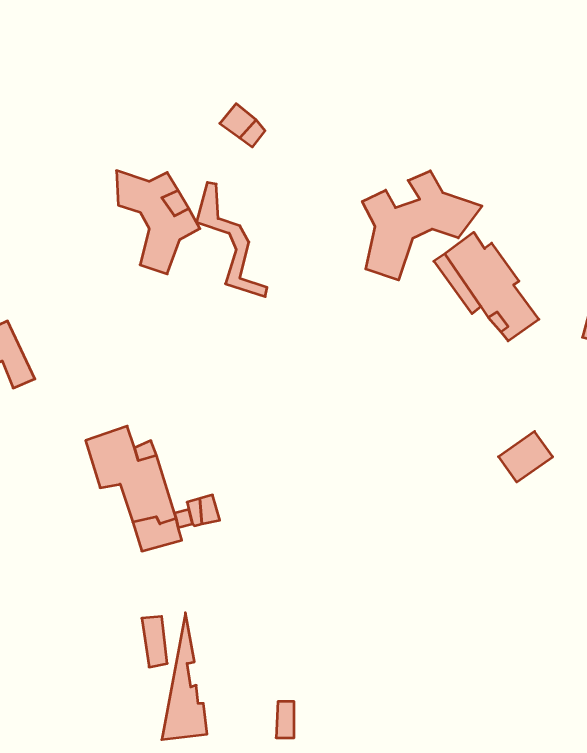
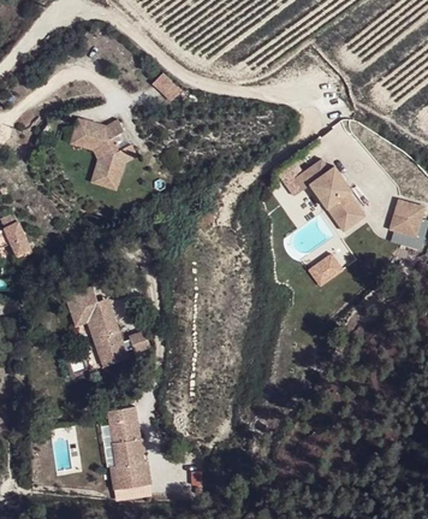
building: [362,171,482,280] -> none
building: [196,182,267,297] -> [70,116,117,191]
building: [498,431,553,482] -> [311,250,347,284]
building: none -> [102,411,129,496]

